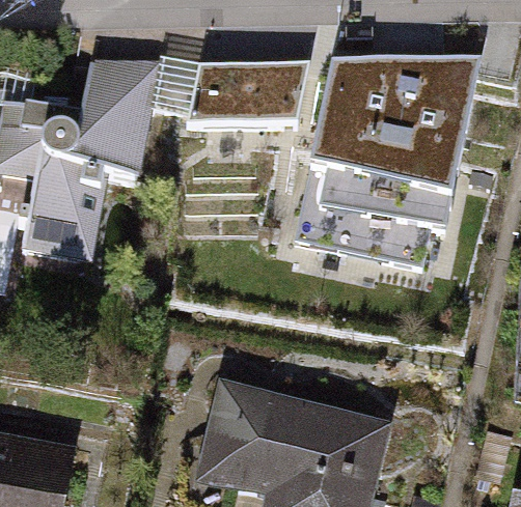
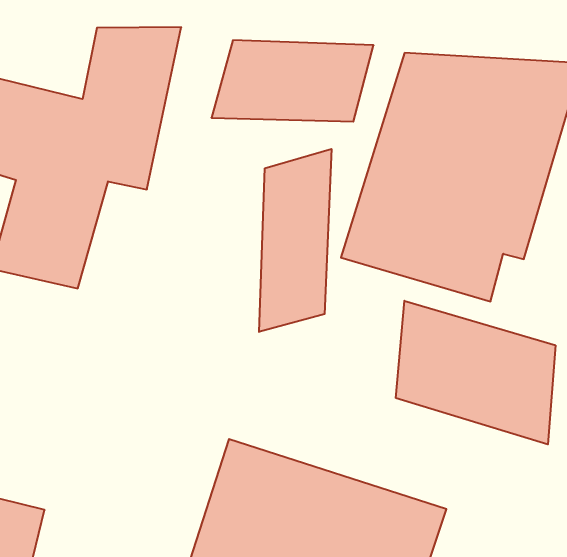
building: none -> [259,149,331,332]
building: none -> [396,301,555,444]

